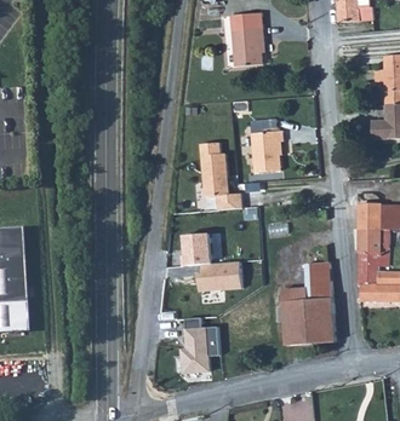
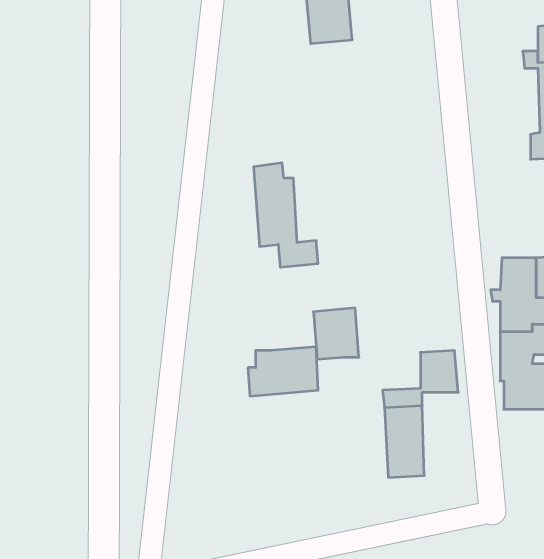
building: [253,132,285,172] -> none
building: [183,231,212,264] -> [313,308,359,359]
building: [309,298,336,342] -> none
building: [181,327,211,374] -> none

